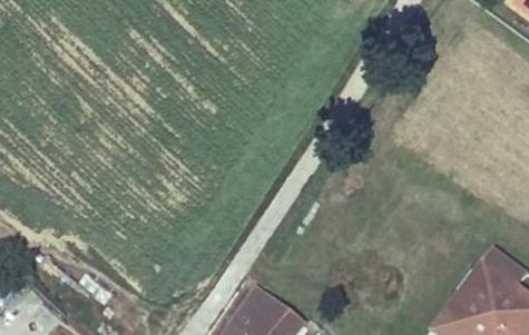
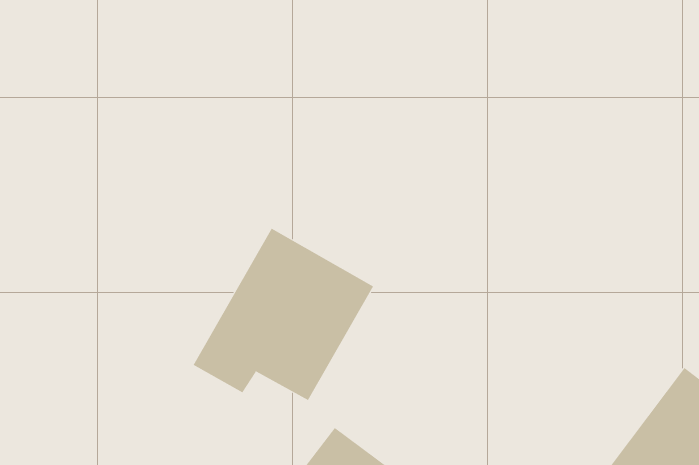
building: none -> [193,228,374,401]

